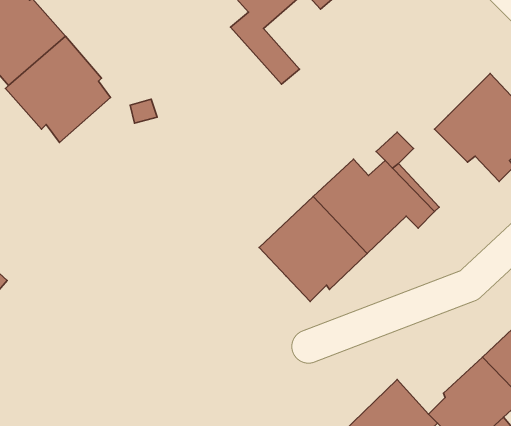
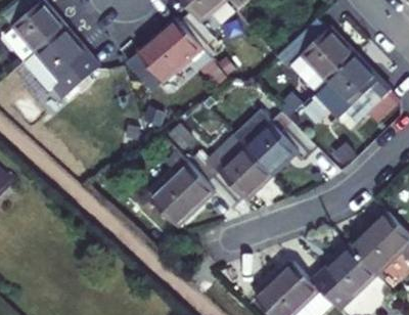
building: none -> [279,18,354,82]
building: none -> [137,19,212,82]
building: none -> [149,150,215,227]

